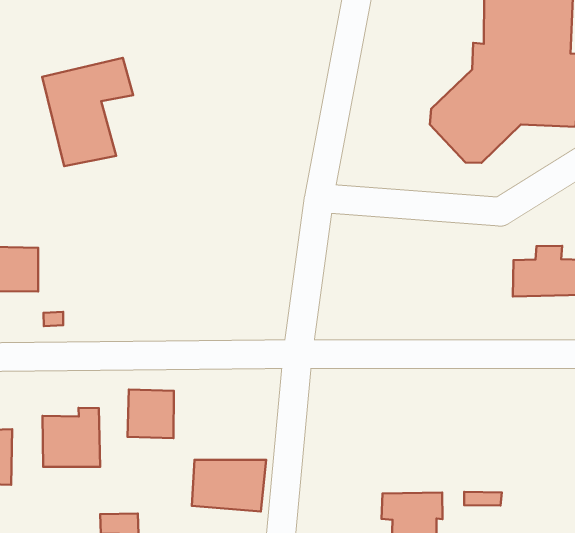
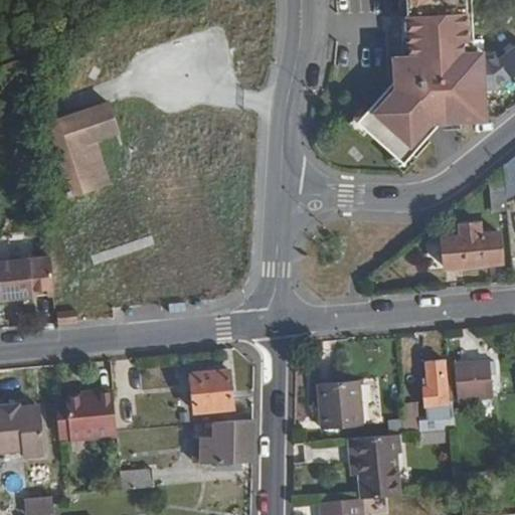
building: [127,390,174,438] -> [189,368,229,409]
building: none -> [423,358,453,419]
building: none -> [456,361,492,399]
building: none -> [317,379,361,428]

